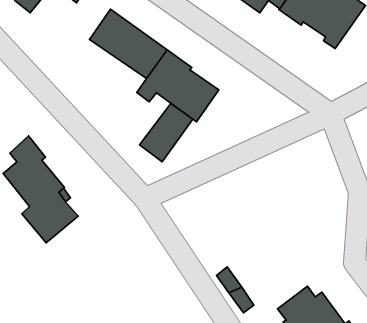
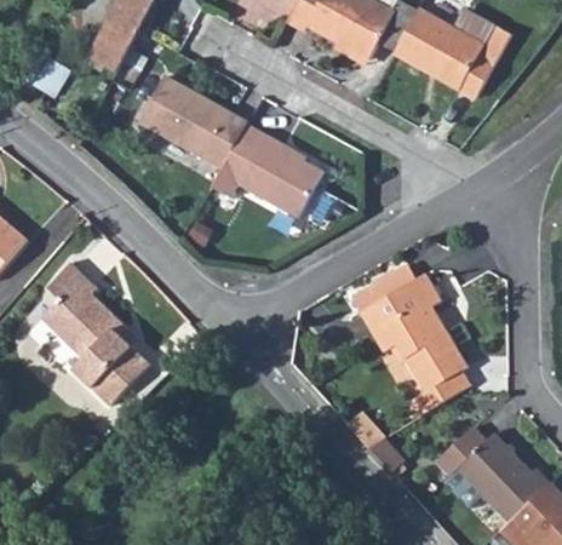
building: [139,103,193,162] -> none
building: none -> [351,264,469,405]

